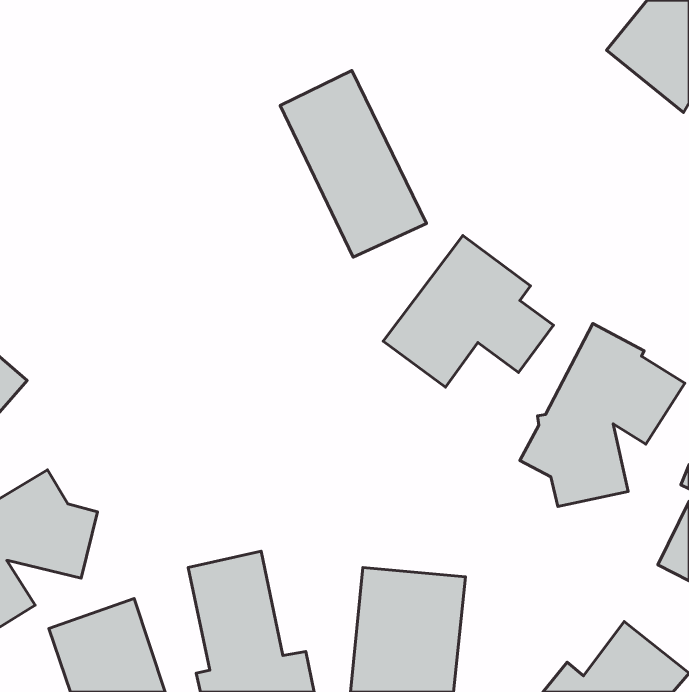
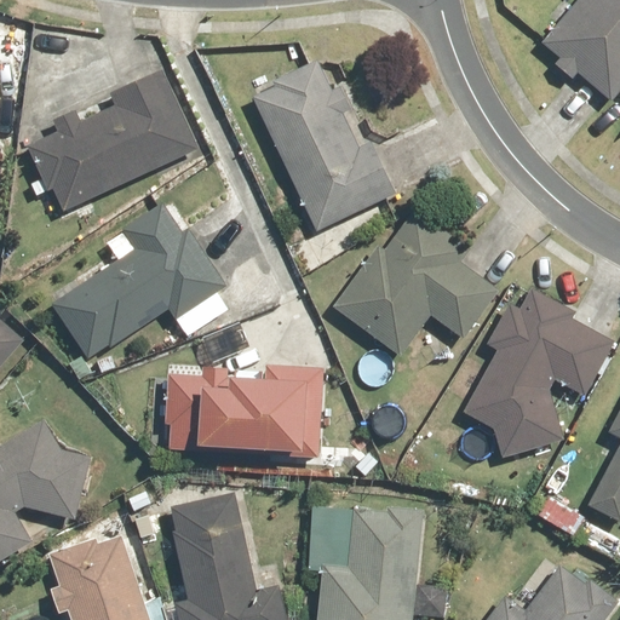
building: none -> [29,78,199,209]
building: none -> [53,206,225,358]
building: none -> [174,375,323,458]

